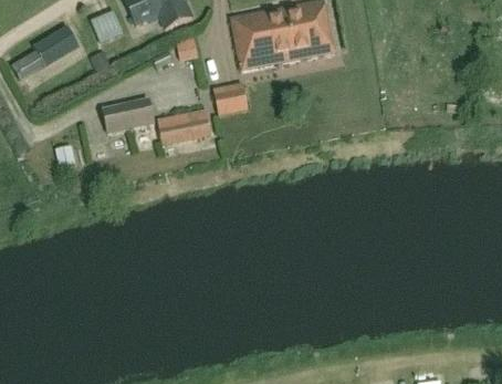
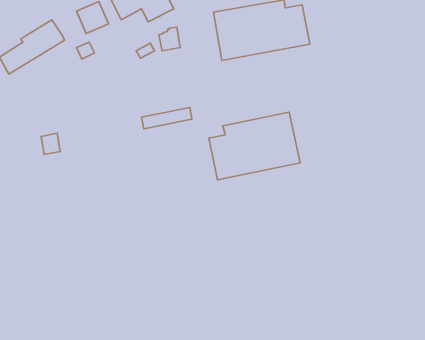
building: [215,81,247,113] -> none
building: [103,98,154,133] -> none
building: none -> [209,112,300,180]

